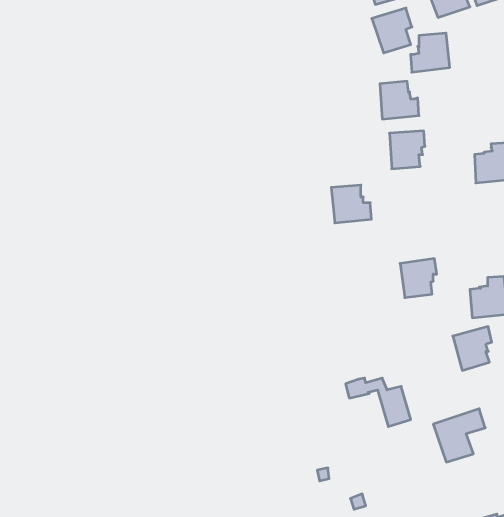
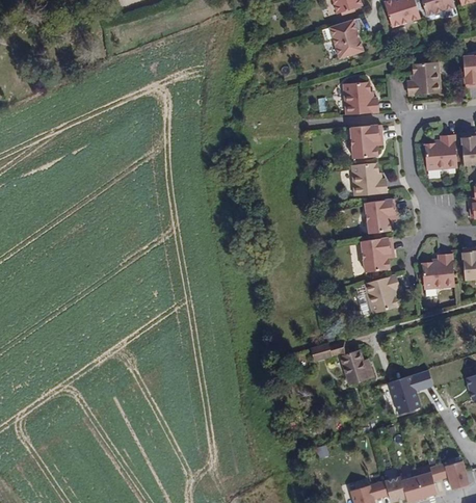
building: [411,33,450,72] -> [411,60,445,95]
building: [331,185,371,223] -> [350,162,386,195]
building: none -> [361,198,393,234]
building: [453,327,492,370] -> [359,276,393,315]

